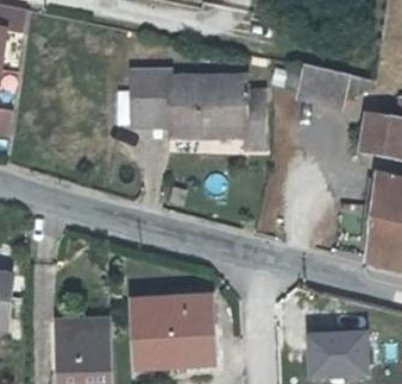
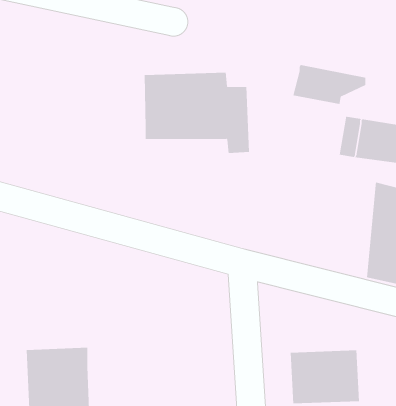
building: [128,70,165,125] -> none
building: [132,294,211,364] -> none

